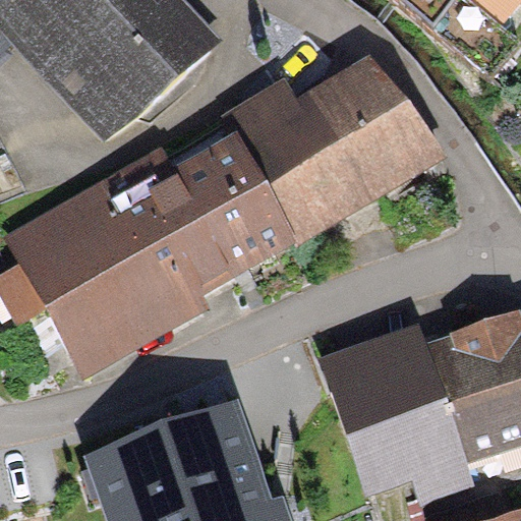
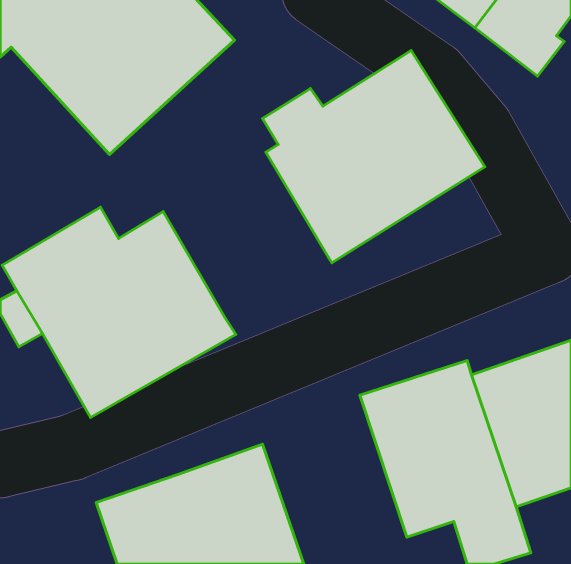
building: [149,138,299,288] -> none

